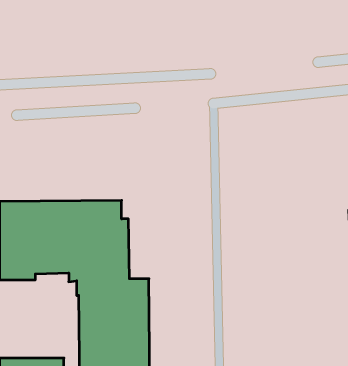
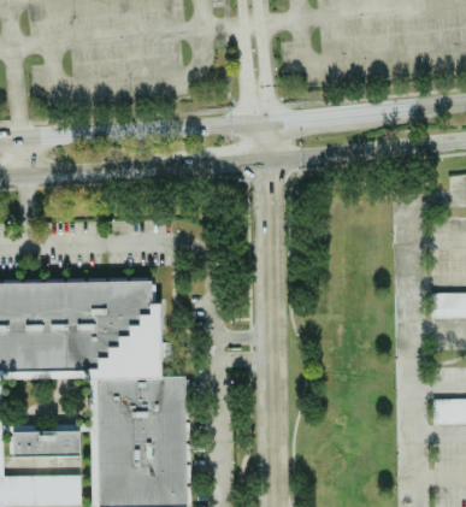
building: none -> [11,431,78,456]

